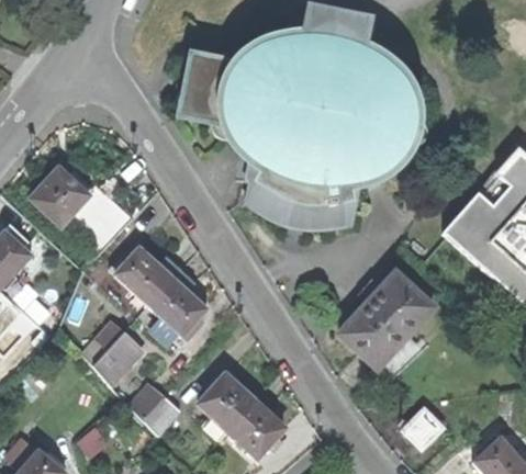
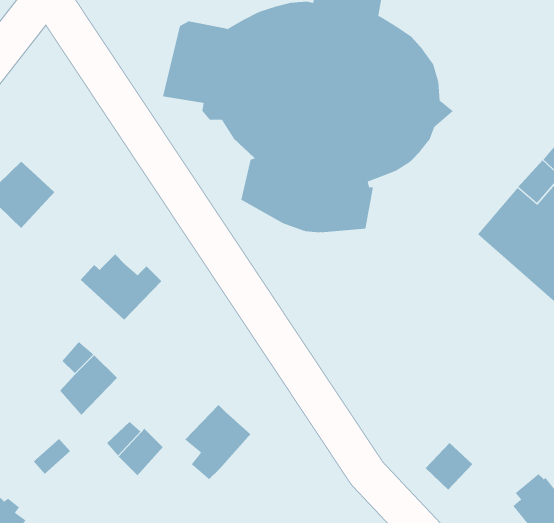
building: [147,270,204,339] -> none
building: [337,271,432,375] -> none
building: [227,398,282,455] -> none

